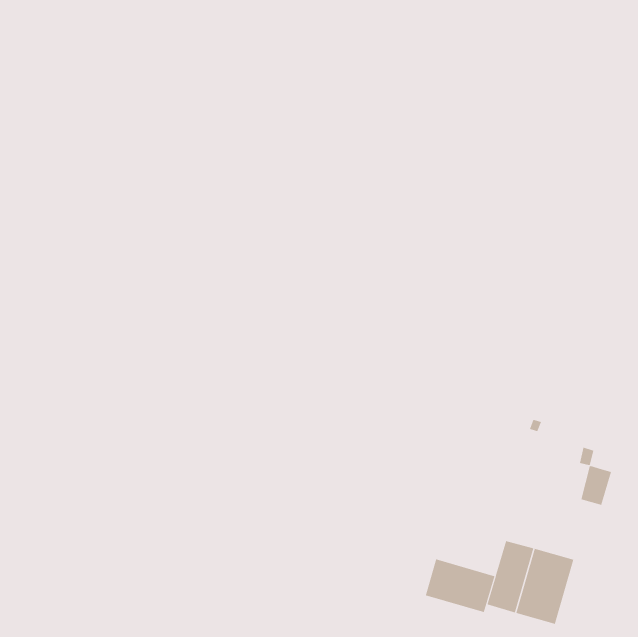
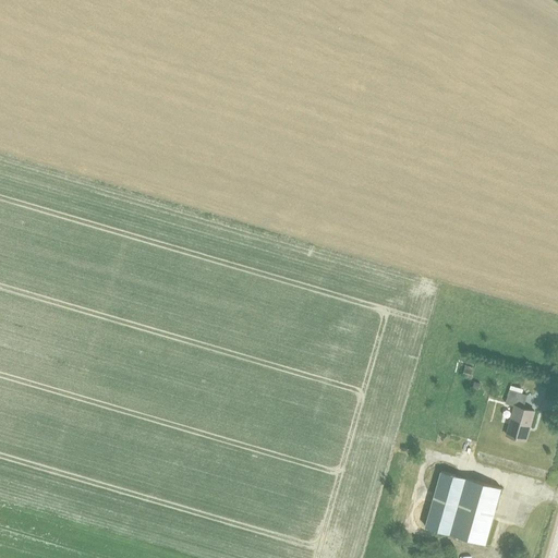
building: [425,559,495,613] -> none

